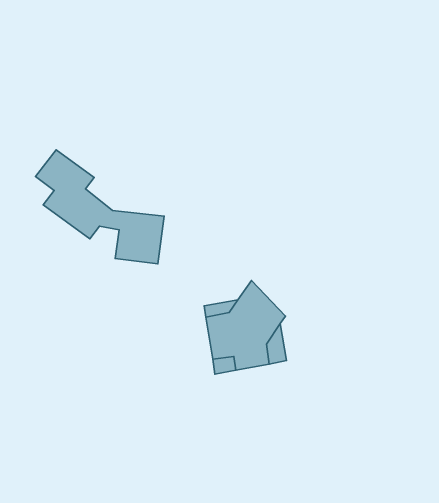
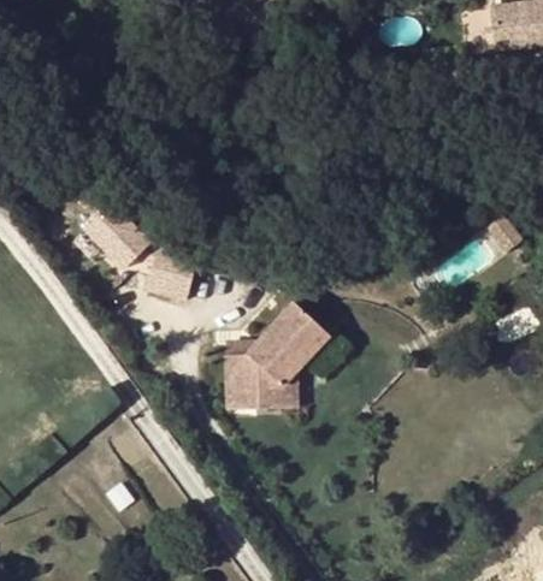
building: none -> [273,301,330,363]

